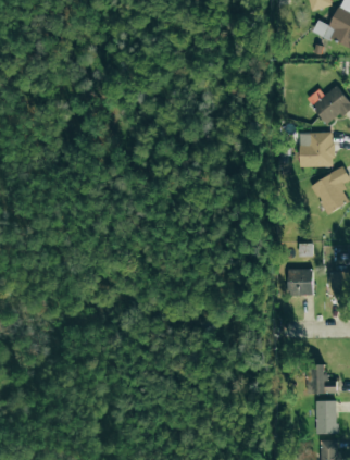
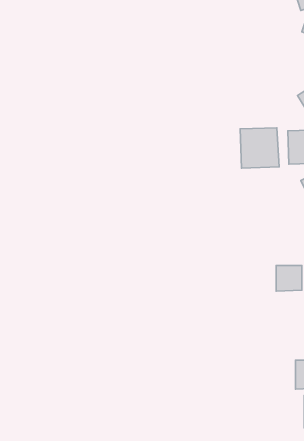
building: none -> [240,128,279,168]

